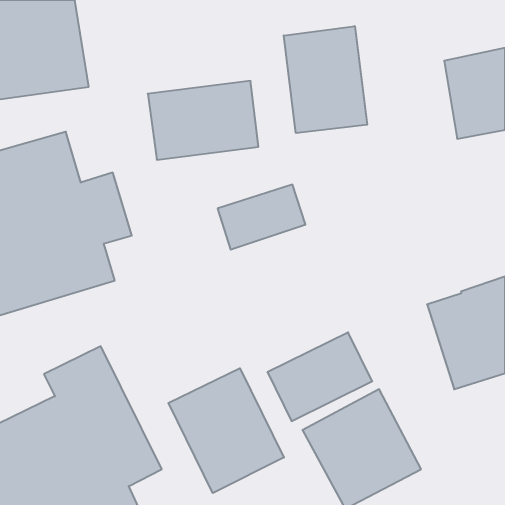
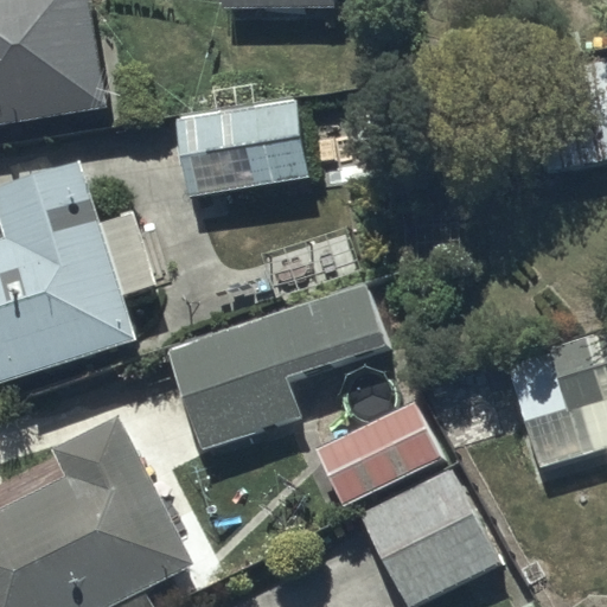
building: [284,26,367,133] -> none
building: none -> [167,285,384,449]
building: [168,368,284,493] -> none

